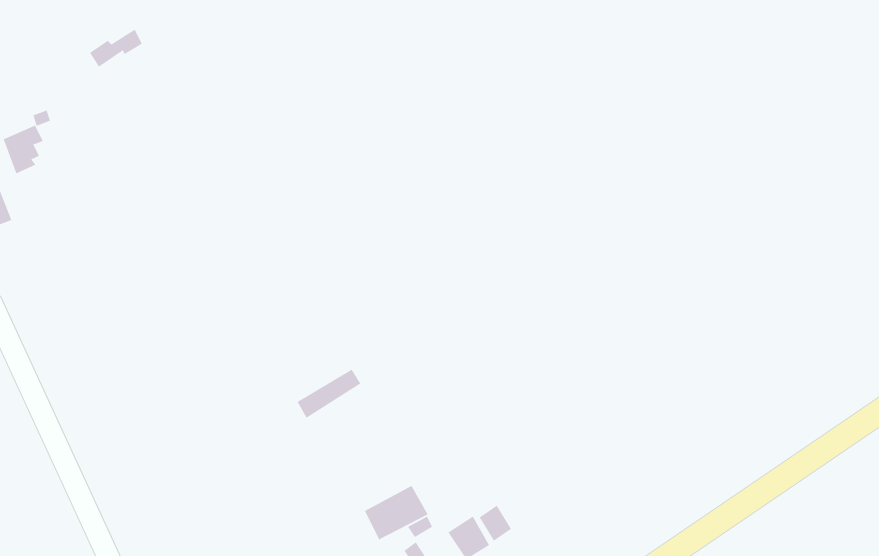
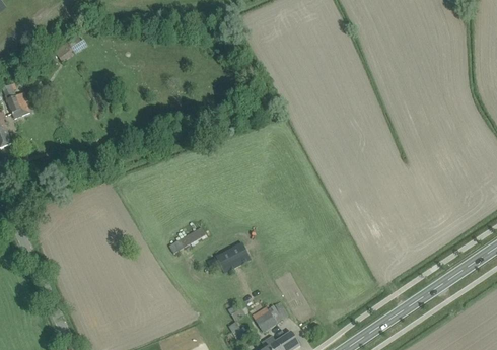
building: [364,485,428,540] -> [215,240,251,271]

